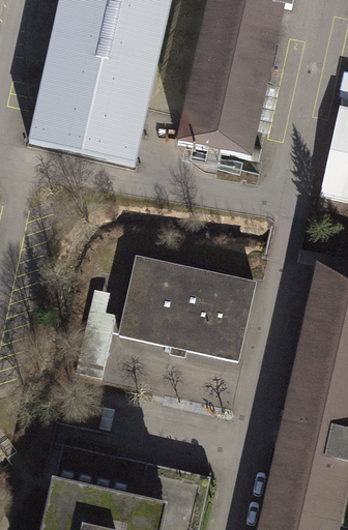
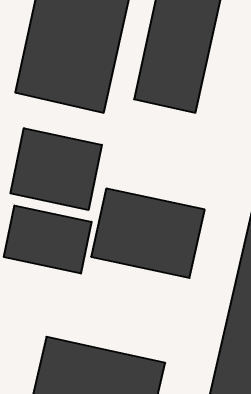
building: none -> [10,128,102,210]
building: none -> [4,205,92,274]

